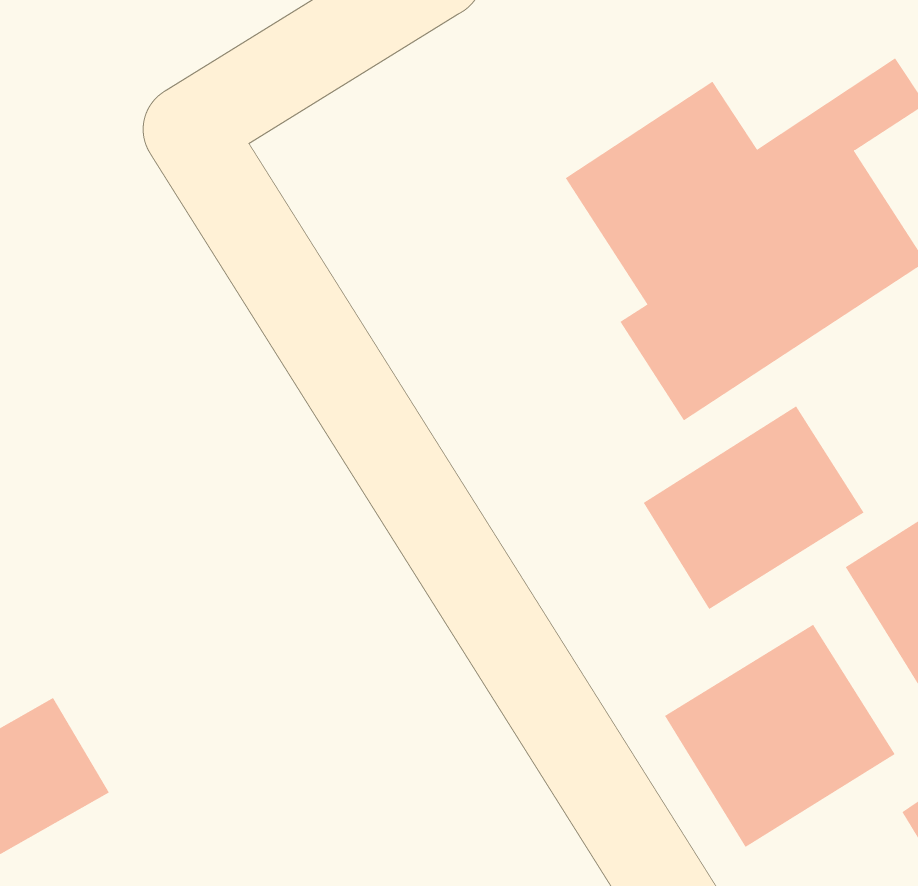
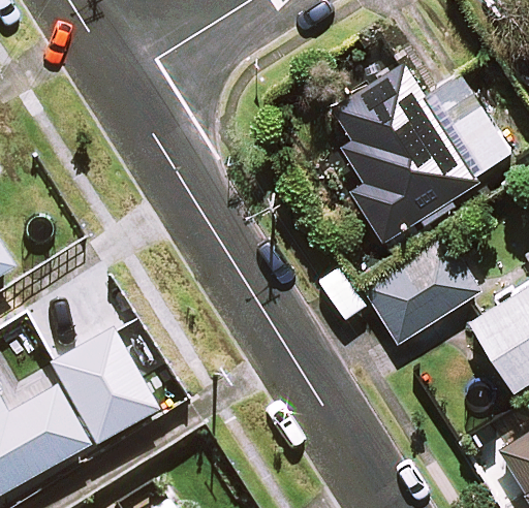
building: none -> [51,338,149,444]
building: [664,624,895,848] -> none

